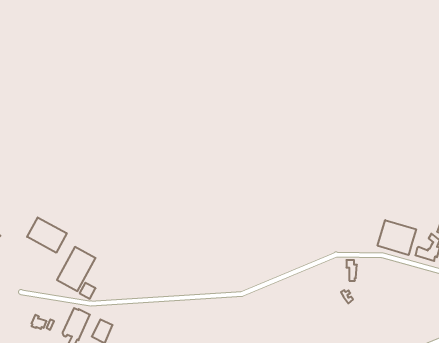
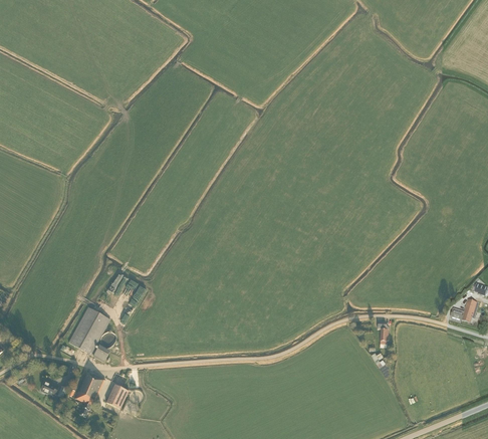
building: [27,217,67,253] -> none
building: [378,220,416,255] -> none

